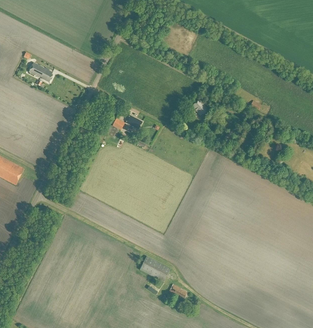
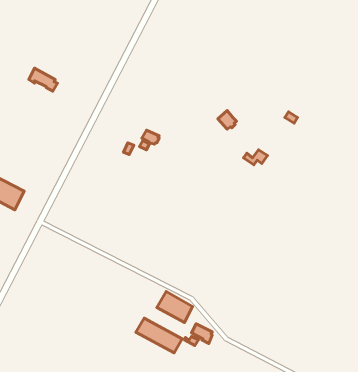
building: none -> [136,318,182,353]

